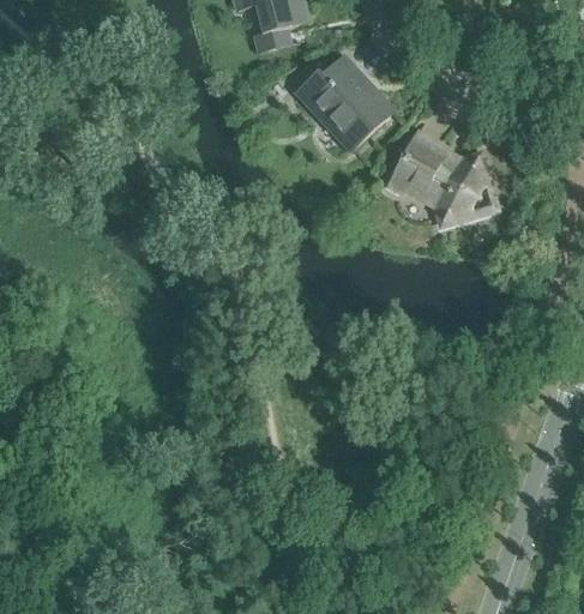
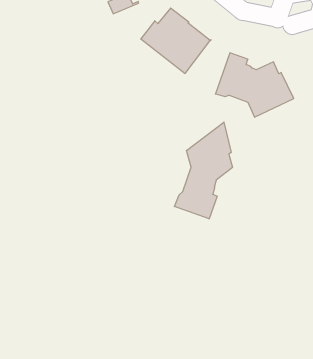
building: none -> [174,122,233,219]

